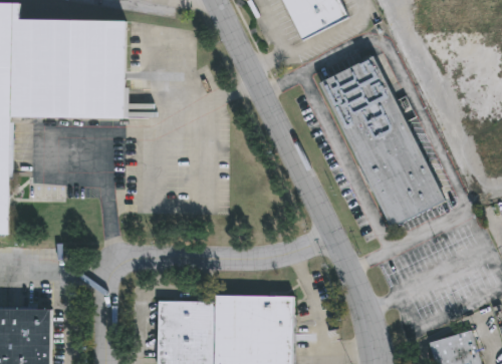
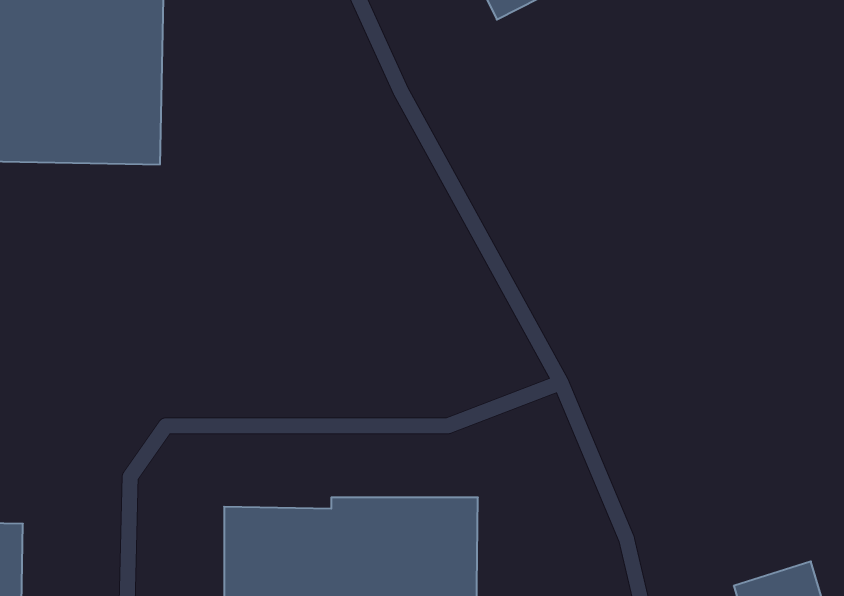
building: [318,54,444,225] -> none

